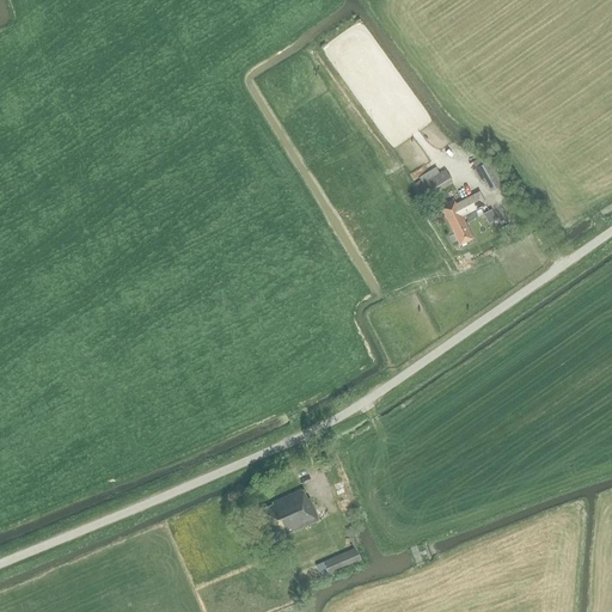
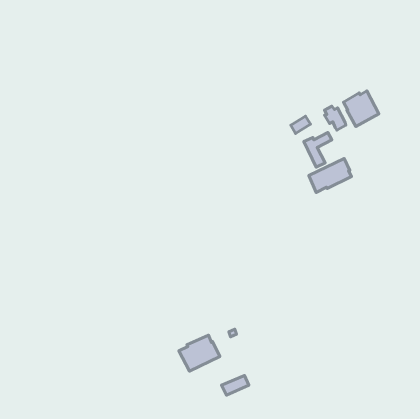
building: none -> [343,91,379,126]
building: none -> [309,158,352,193]

